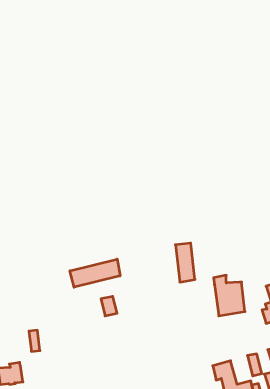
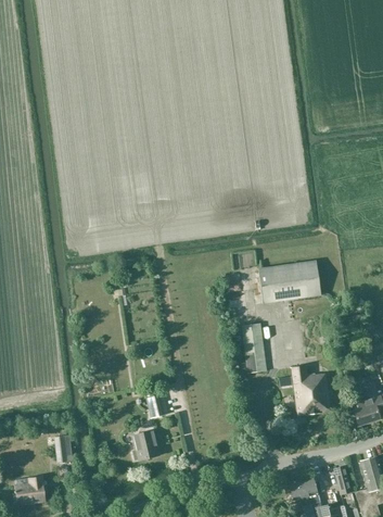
building: none -> [258,261,321,304]
building: [70,259,120,287] -> none
building: none -> [132,431,159,459]

